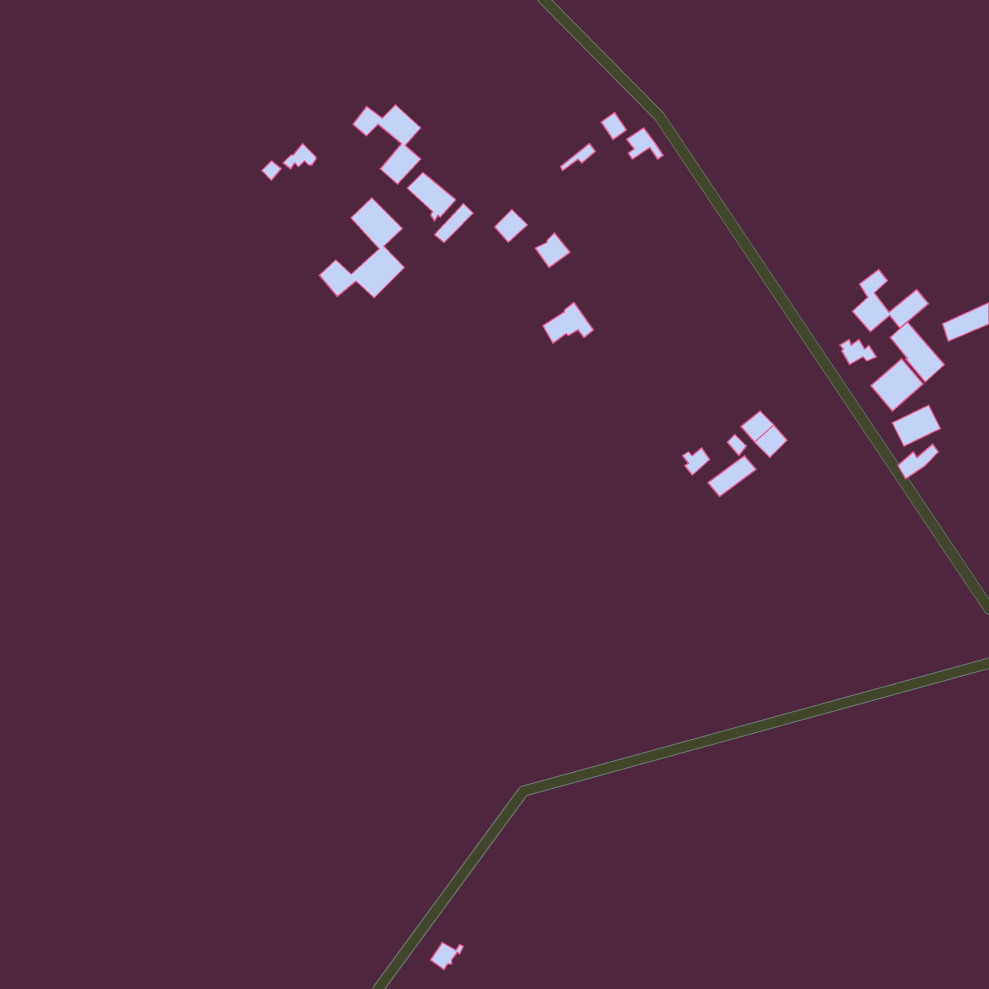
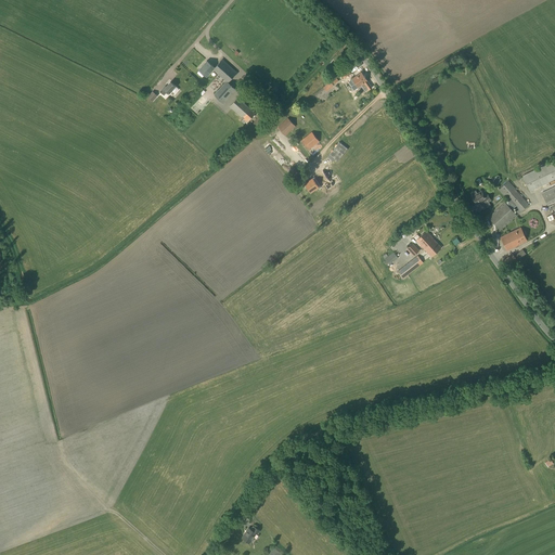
building: [319,198,404,298] -> none
building: [853,269,928,332] -> none

